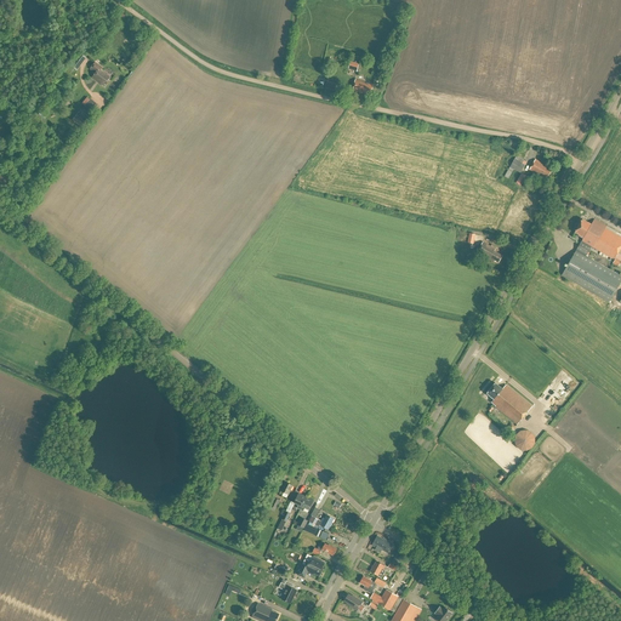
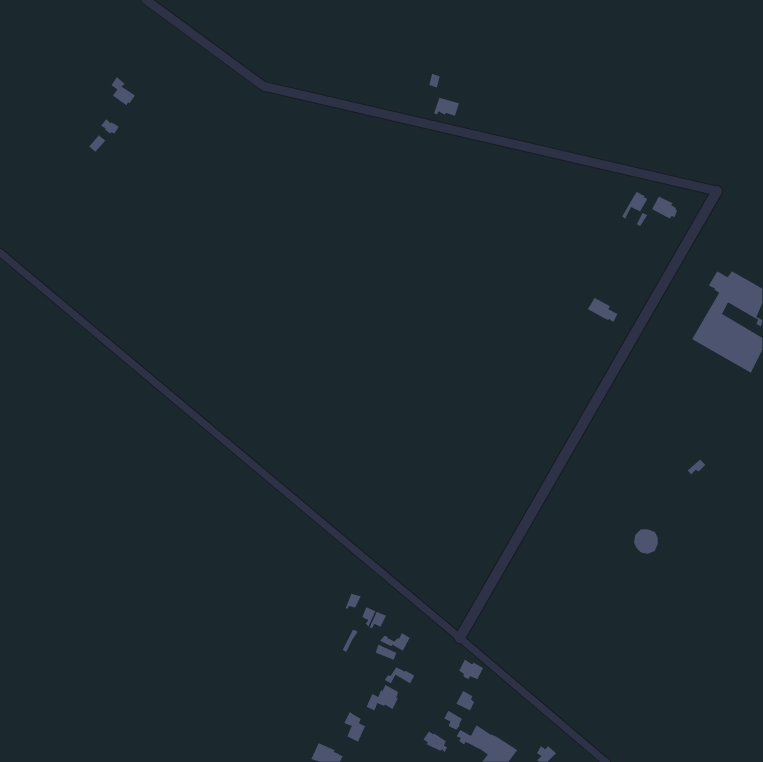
building: [488,383,532,425] -> none

